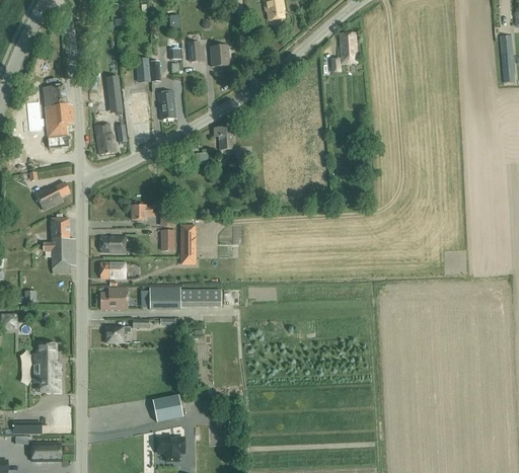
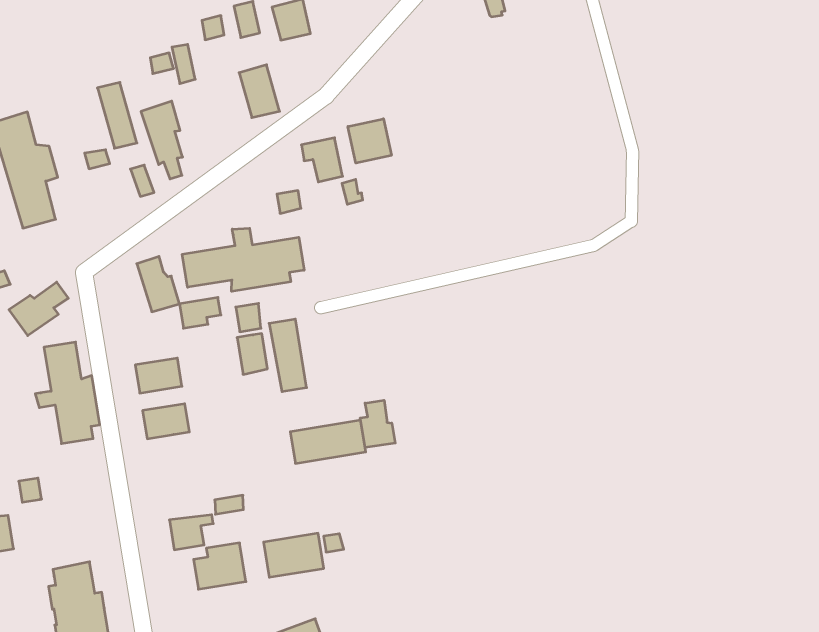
building: [157,90,176,119] -> [239,65,280,118]
building: none -> [348,119,391,163]
building: [95,123,116,153] -> [137,256,179,312]
building: none -> [182,228,304,291]
building: none -> [360,400,395,448]
building: [99,287,127,309] -> [194,543,246,589]
building: [149,287,180,307] -> [264,533,324,577]

